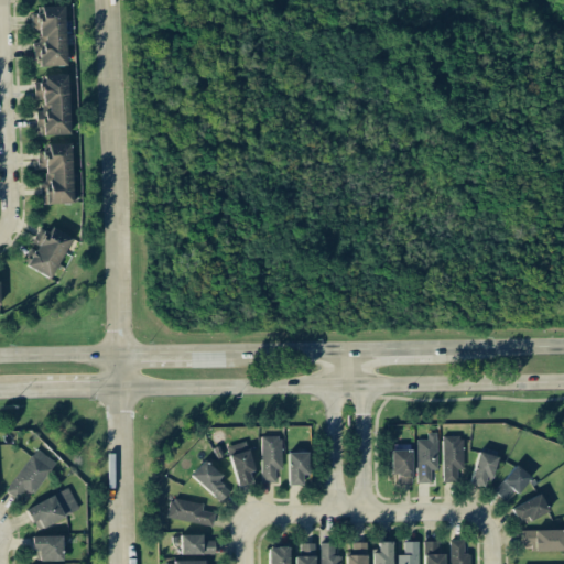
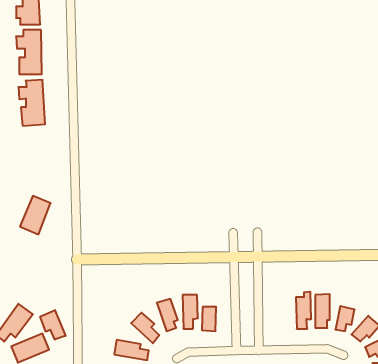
building: [30,226,72,279] -> [20,196,51,234]
building: [392,449,414,482] -> none
building: none -> [40,310,66,340]

